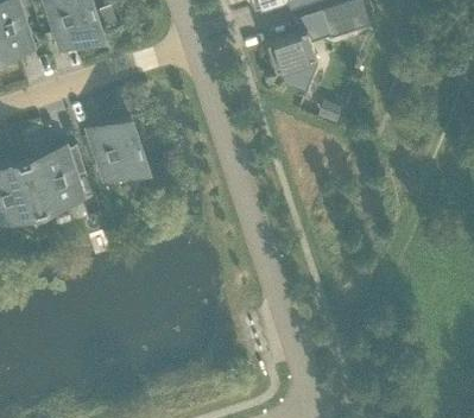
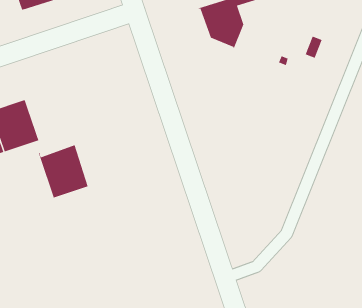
building: [88,118,146,184] -> [38,144,88,202]

